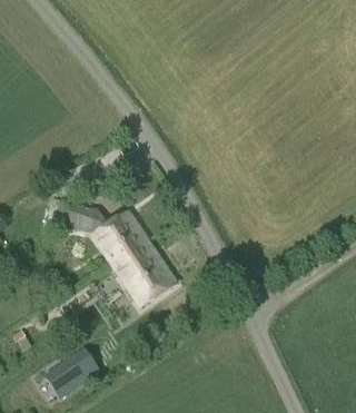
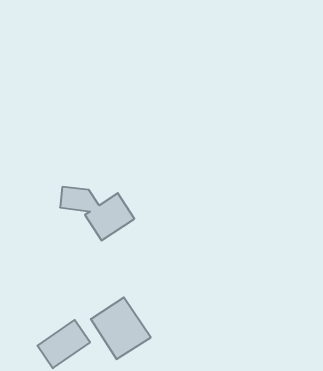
building: [111,238,176,305] -> [91,297,151,359]

